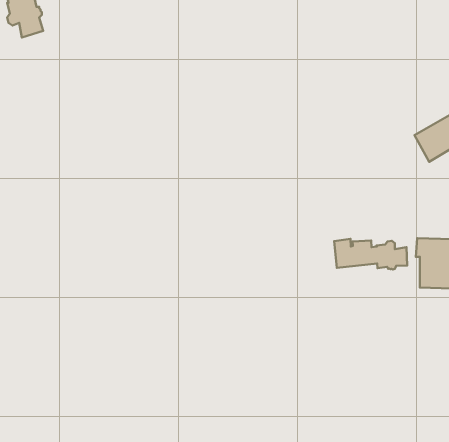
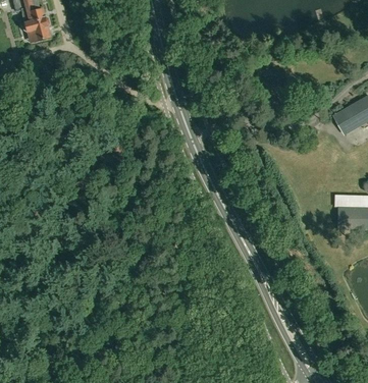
building: [334,239,407,269] -> none

